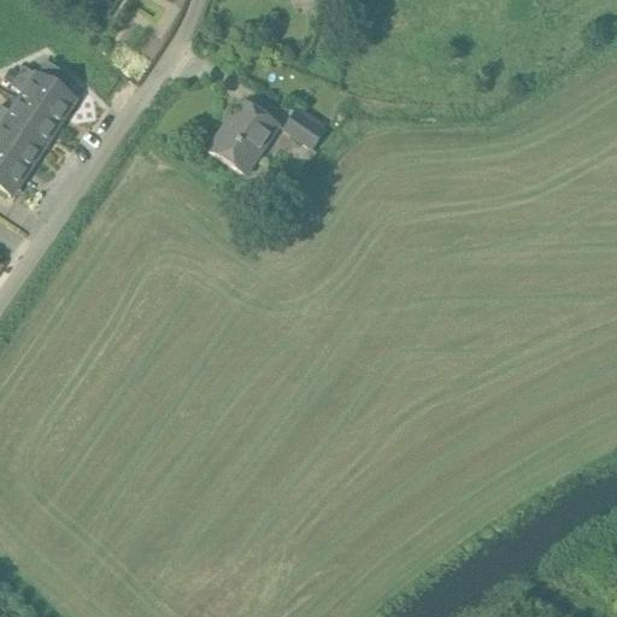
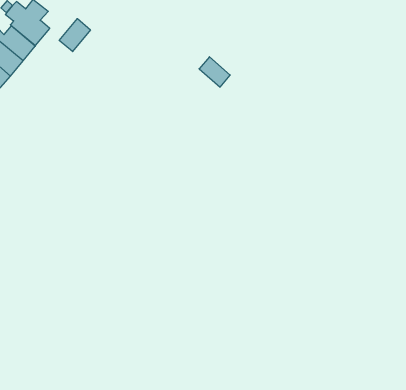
building: none -> [59,19,90,52]
building: [208,101,277,172] -> none

